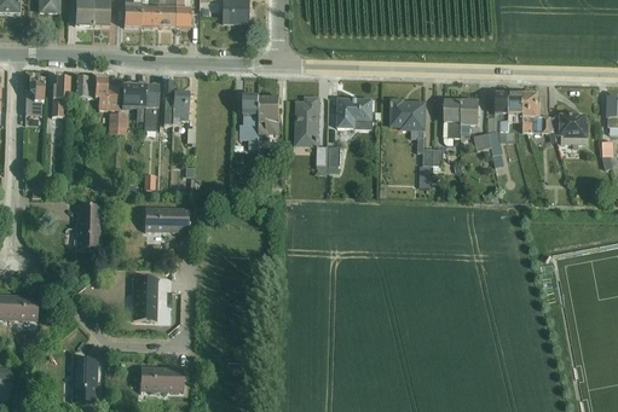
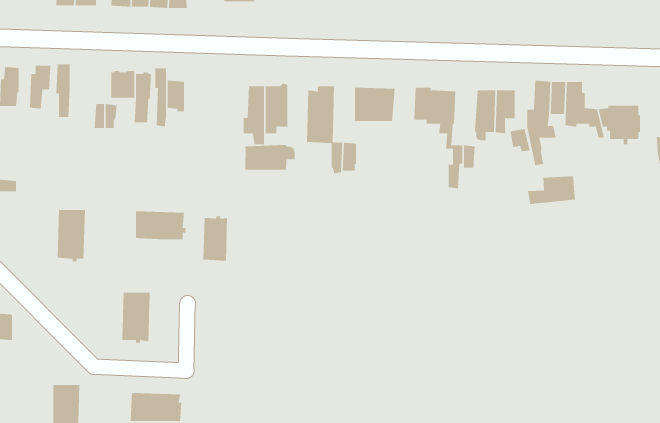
building: [94,76,120,109] -> none
building: none -> [245,144,295,170]
building: none -> [527,176,575,205]
building: none -> [203,215,228,261]

